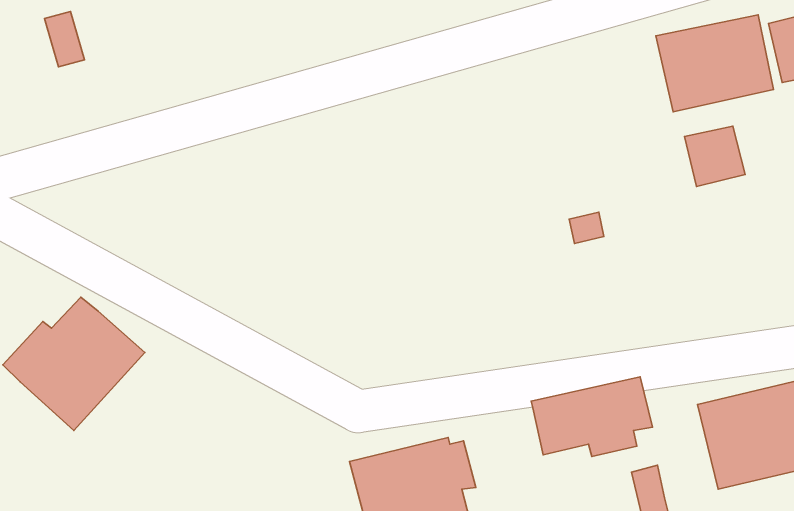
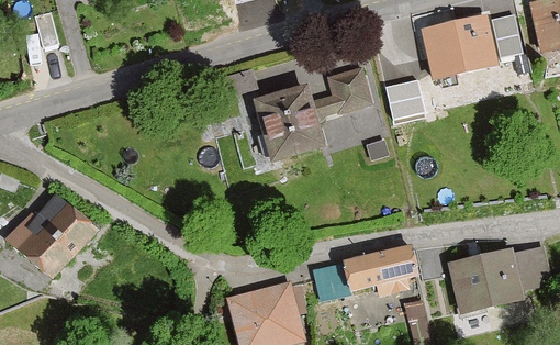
building: none -> [251,66,372,162]
building: [684,126,745,187] -> [385,80,424,119]
building: none -> [313,264,349,300]

